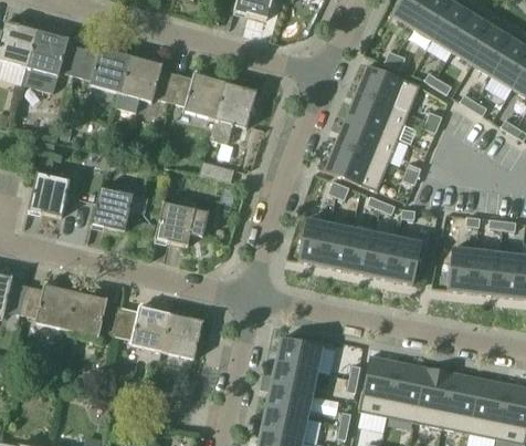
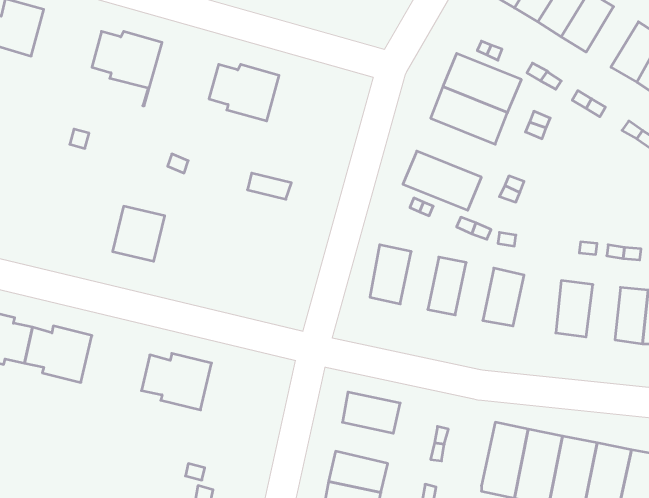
building: [472,27,514,75] -> none
building: [24,29,83,87] -> none
building: [117,55,177,113] -> none
building: [210,82,257,144] -> none
building: [336,116,399,164] -> none
building: [29,173,70,217] -> none
building: [155,201,209,246] -> none
building: [323,224,354,270] -> none
building: [367,232,398,279] -> none
building: [472,250,499,294] -> none
building: [66,291,122,336] -> none
building: [162,313,203,359] -> none
building: [359,355,399,416] -> none
building: [271,361,317,394] -> none

